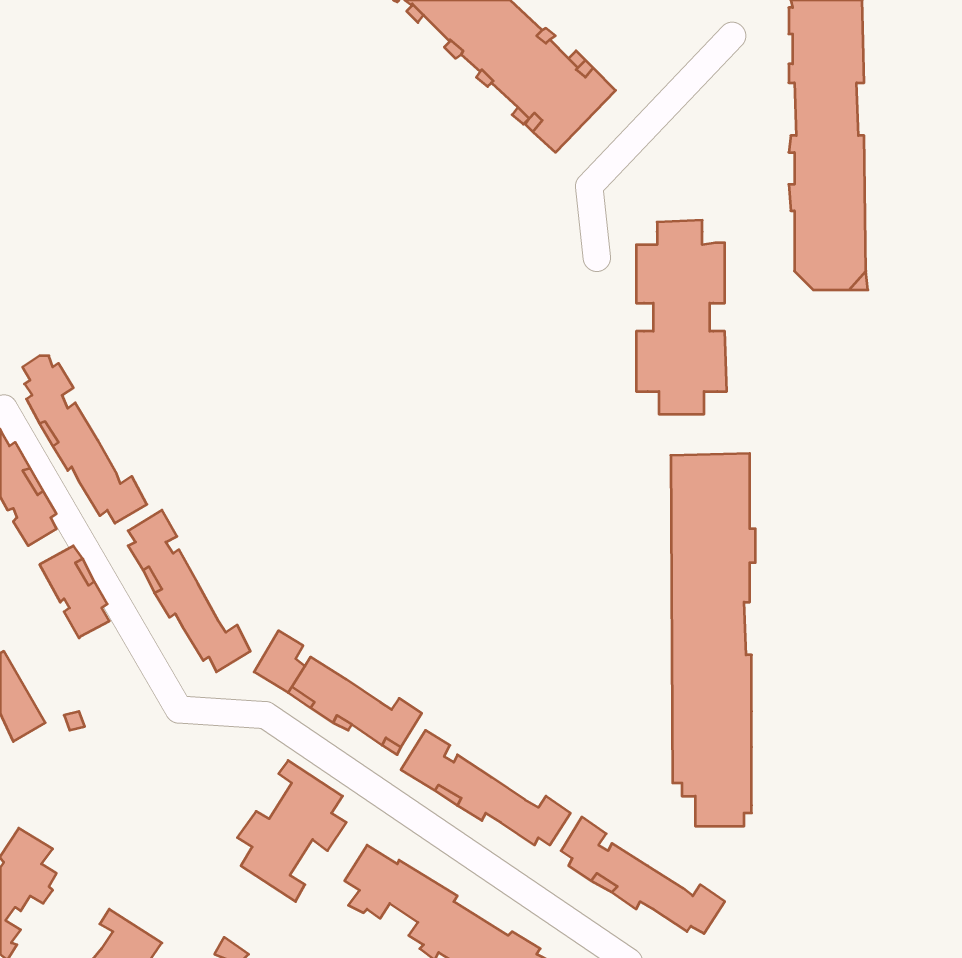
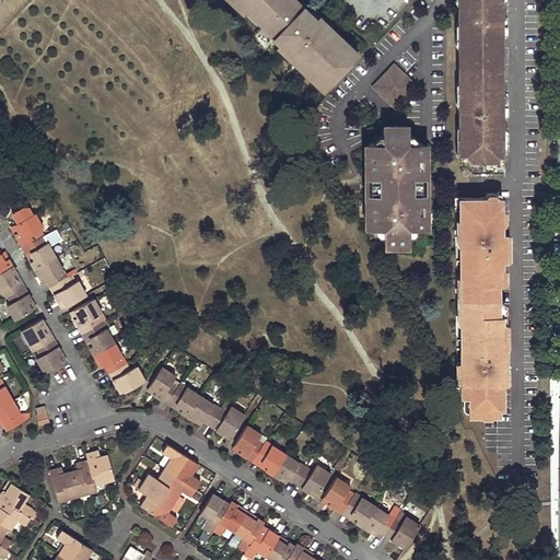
building: none -> [373,67,416,109]
building: [671,453,755,826] -> [455,199,504,416]
building: none -> [49,450,115,502]

